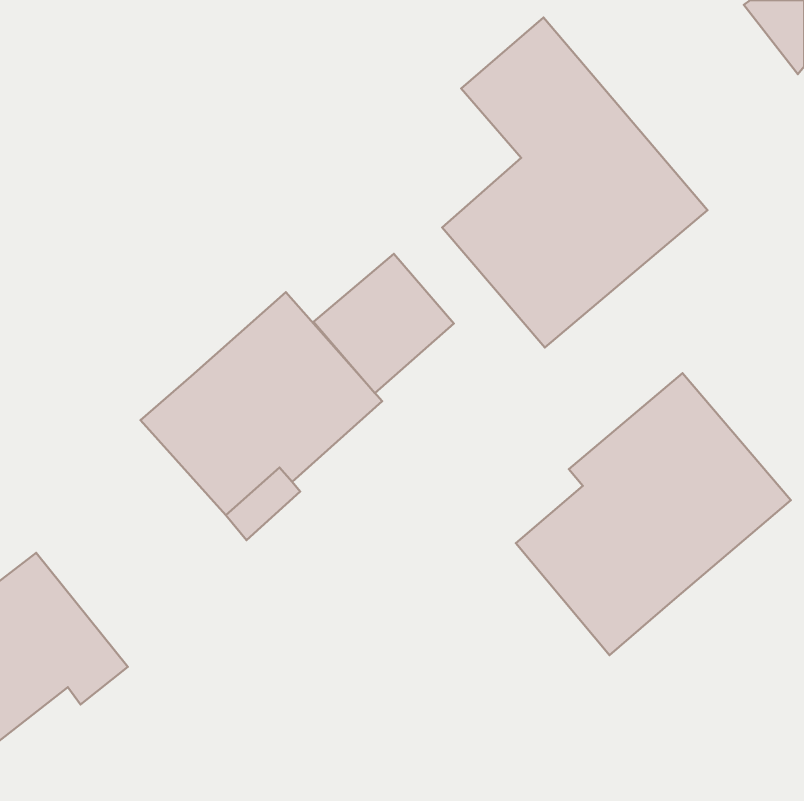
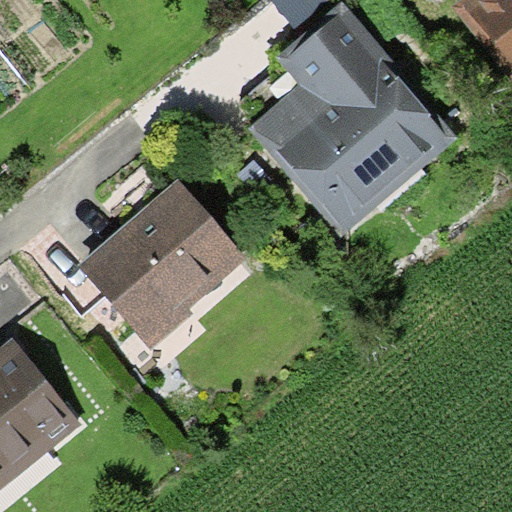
building: [313,254,454,393] -> [241,60,330,148]
building: [516,373,791,655] -> none

